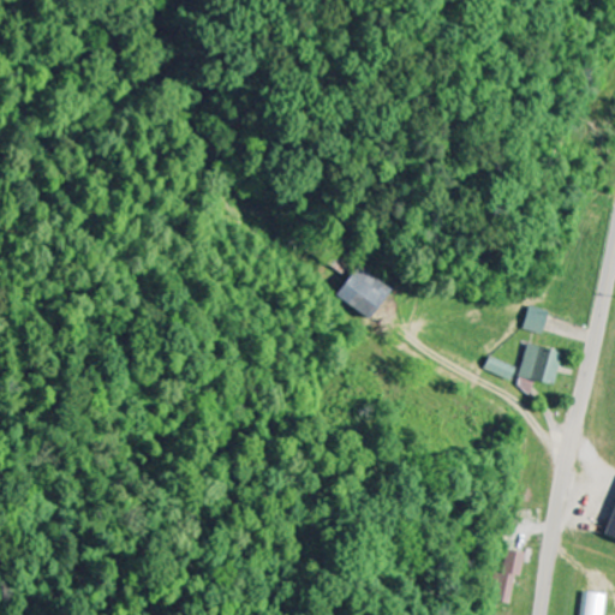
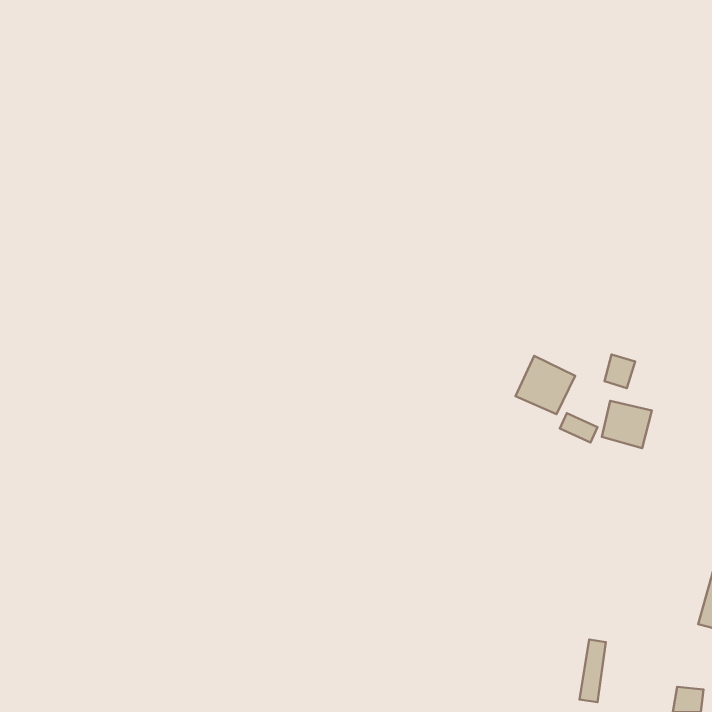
building: [336,265,393,320] -> none
building: none -> [516,356,575,414]

